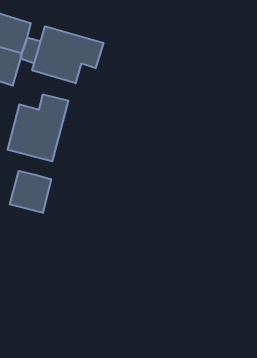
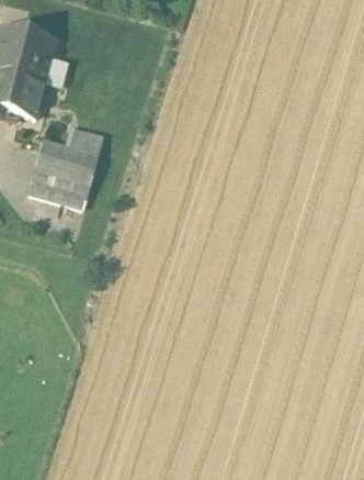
building: [32,26,103,83] -> none
building: [10,171,51,213] -> none

